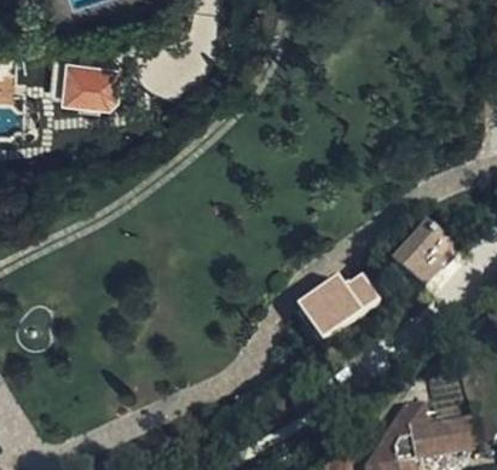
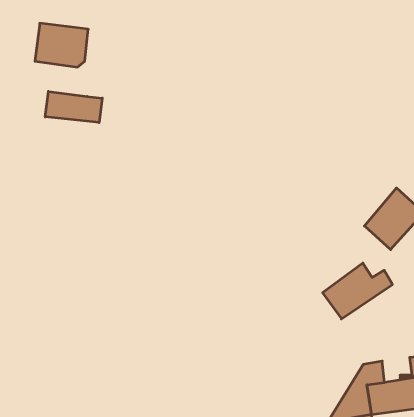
building: none -> [45,91,102,123]
building: [307,284,378,341] -> [323,263,392,319]

